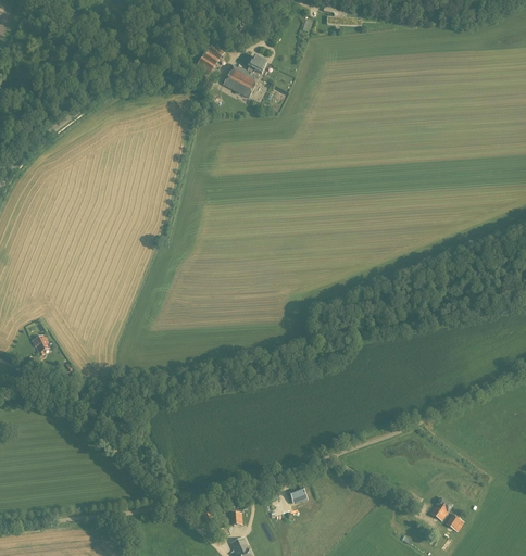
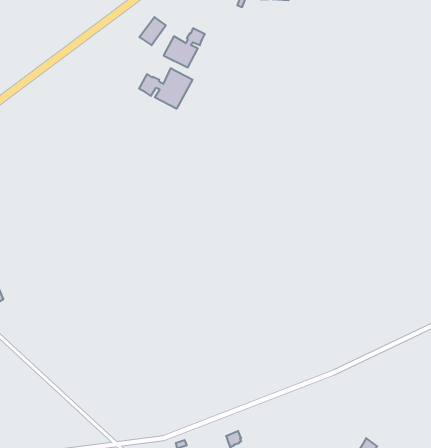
building: none -> [139,68,193,109]

